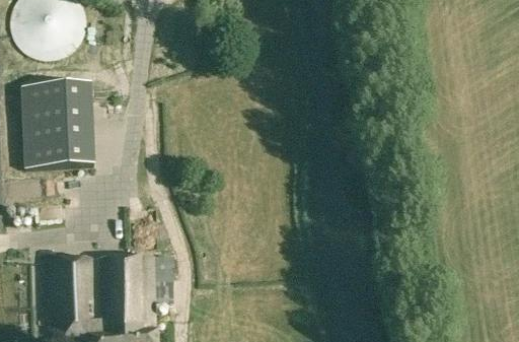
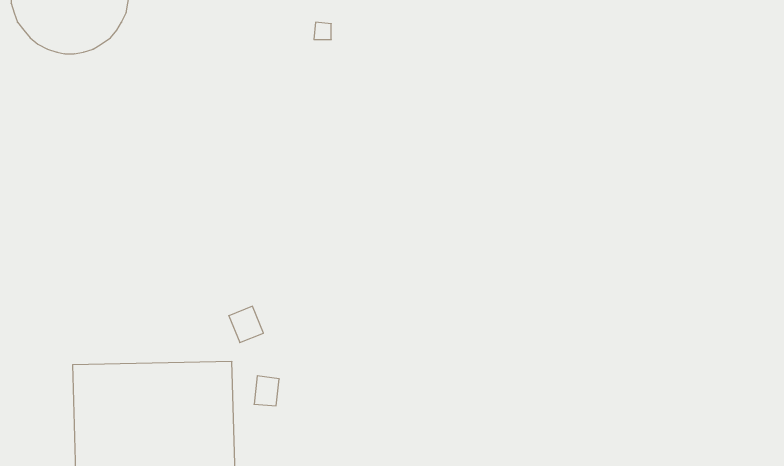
building: [21,82,94,167] -> none

